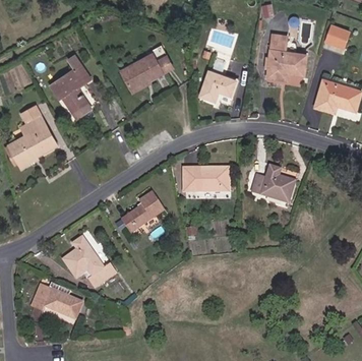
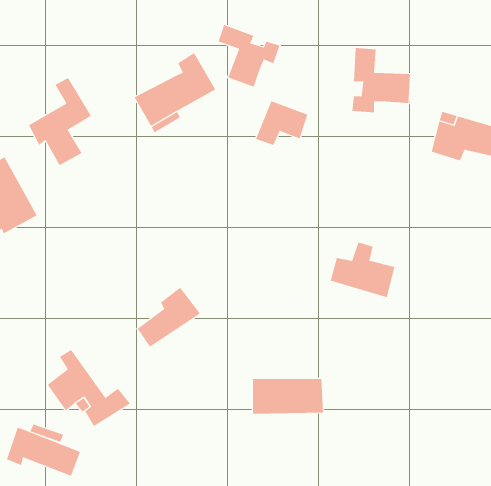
building: none -> [218,24,280,88]
building: [321,23,347,46] -> none
building: [179,171,226,194] -> [252,379,324,414]

